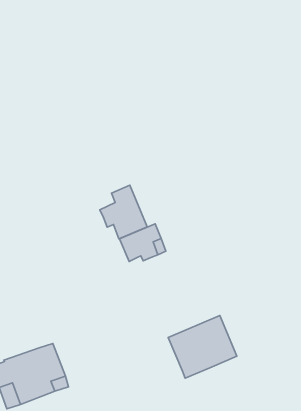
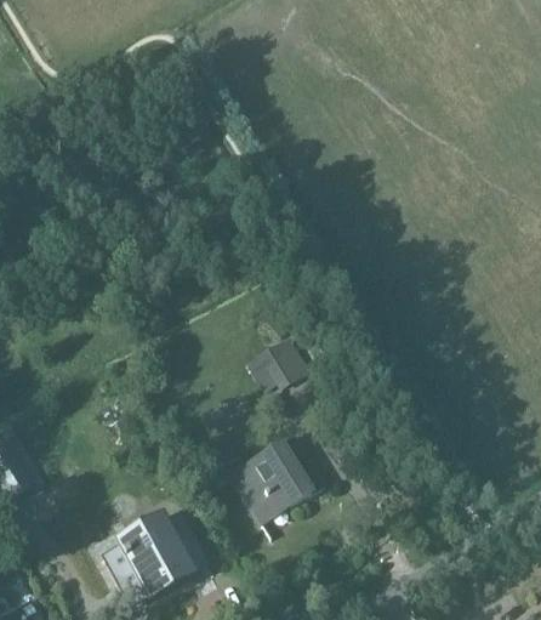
building: [100,185,147,239] -> none
building: [168,316,237,378] -> [226,436,319,524]

